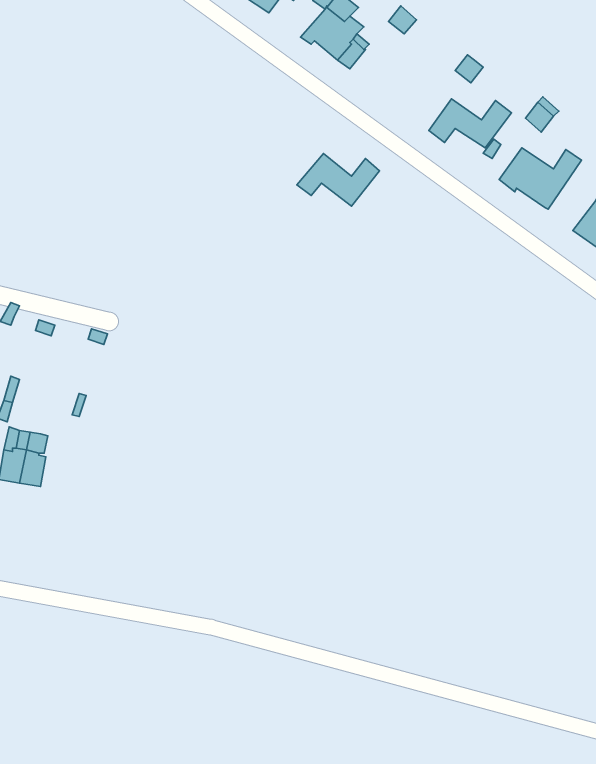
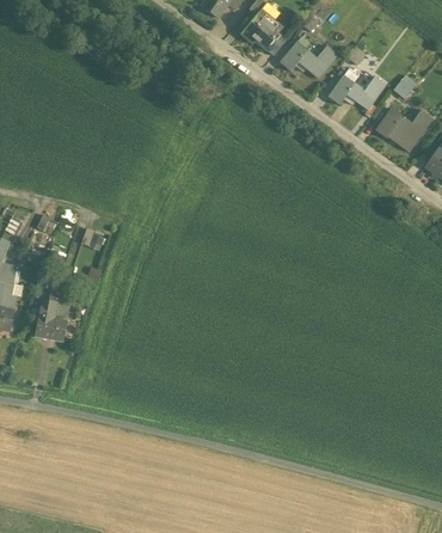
building: [297,153,380,206] -> [280,42,336,78]

